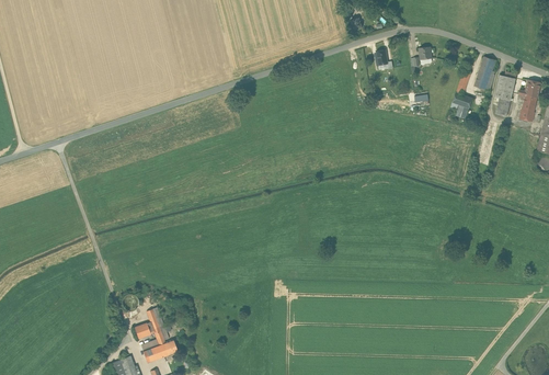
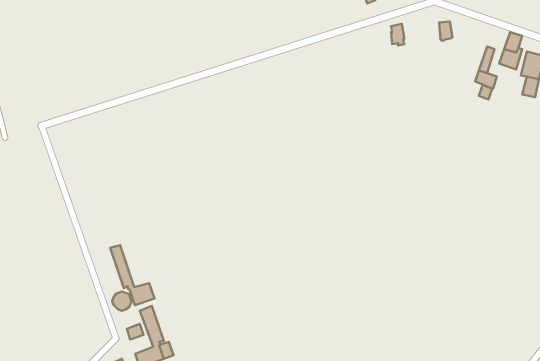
building: none -> [110,245,154,305]

